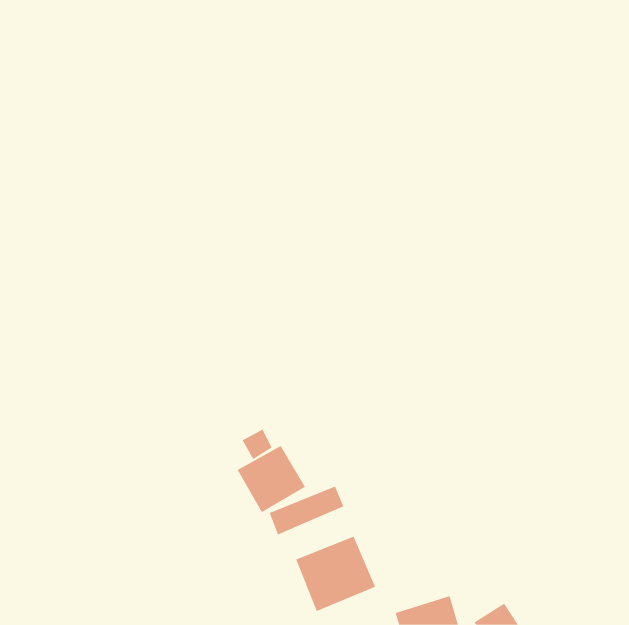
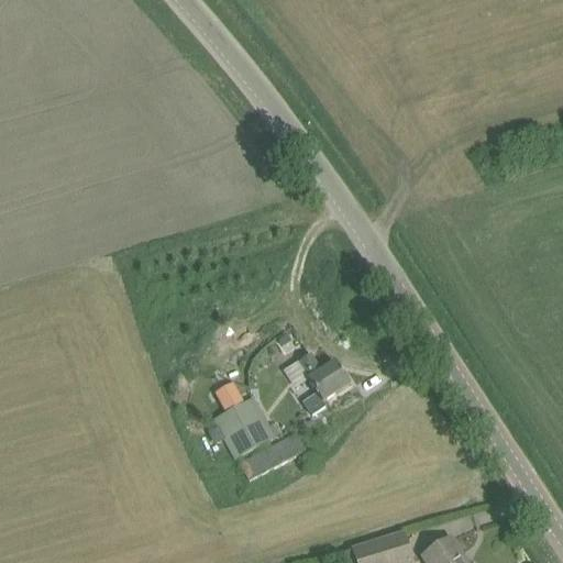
building: none -> [284,354,350,400]
building: [295,536,376,612] -> none

